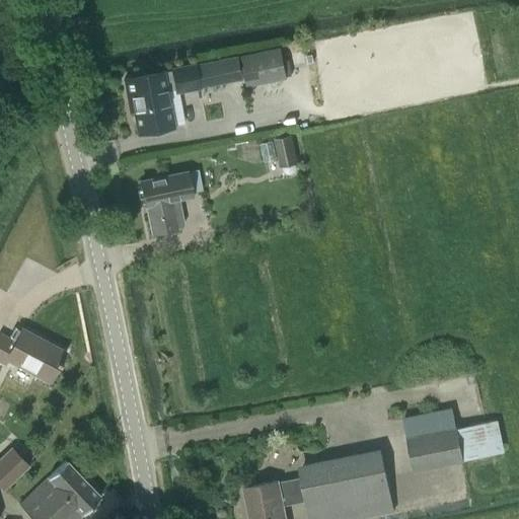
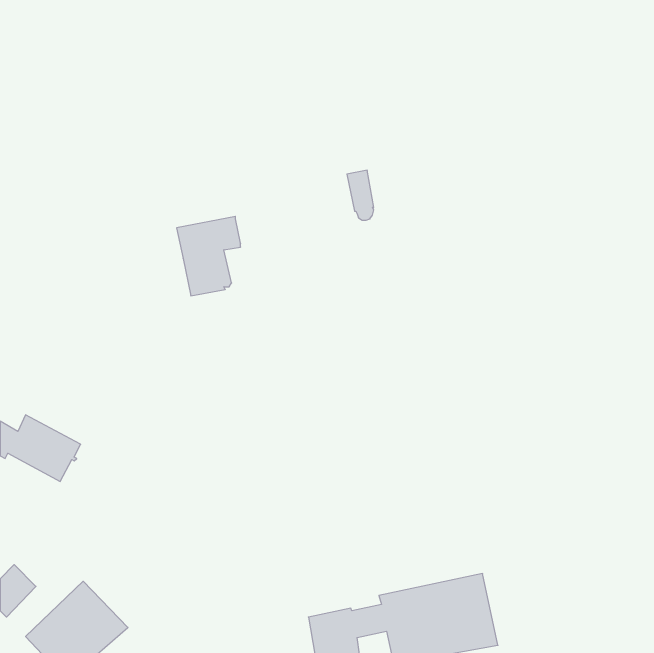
building: [242,50,284,82] -> none
building: [124,58,240,134] -> none
building: [403,410,496,471] -> none

